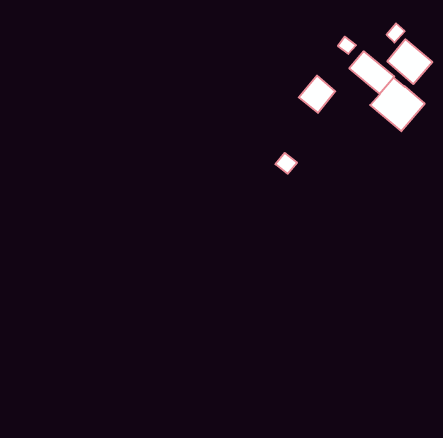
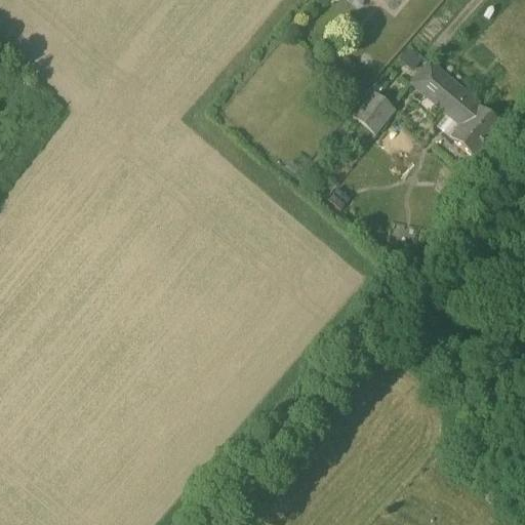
building: [387,39,432,84] -> none

